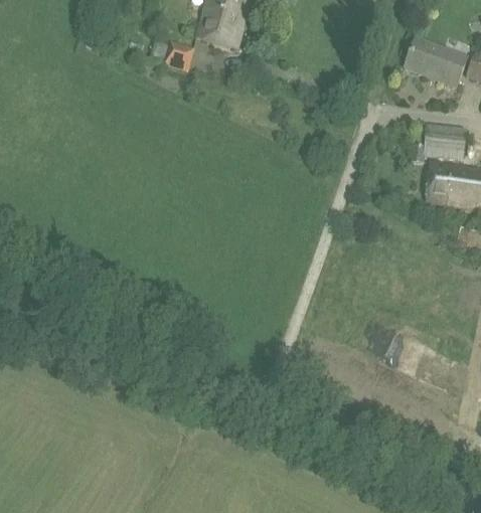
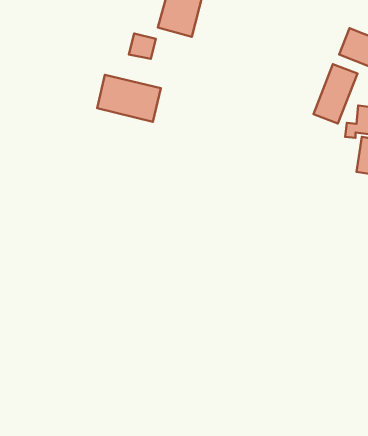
building: none -> [313,64,357,123]
building: none -> [97,75,161,122]

